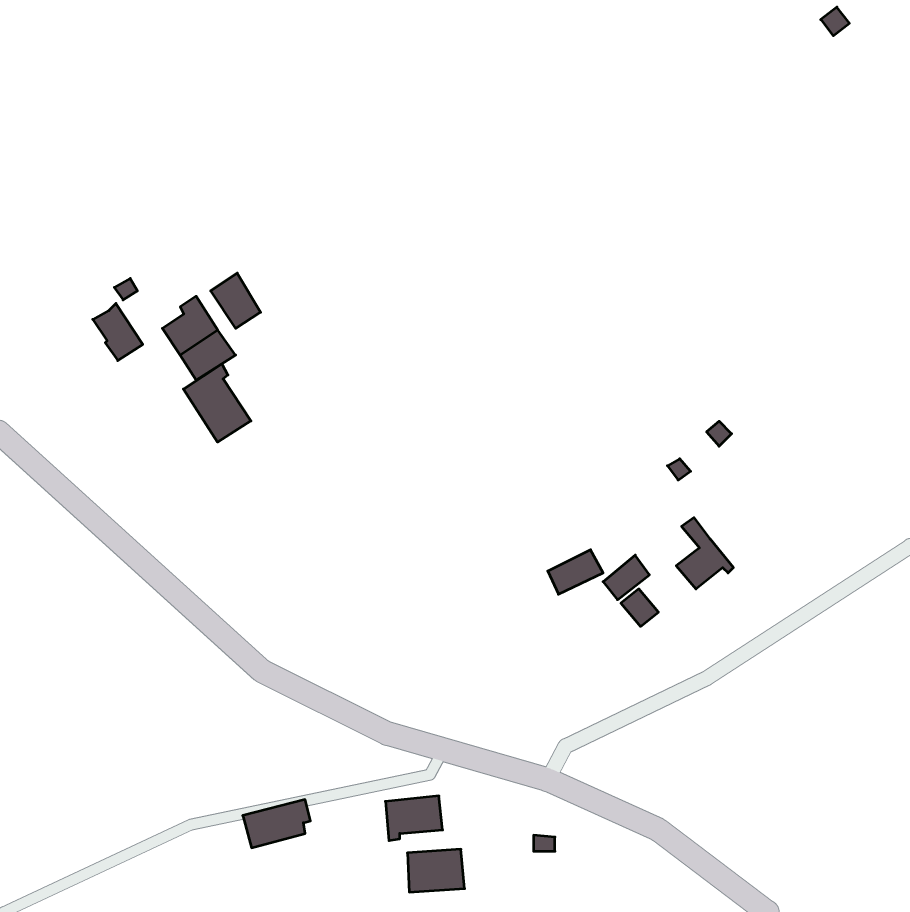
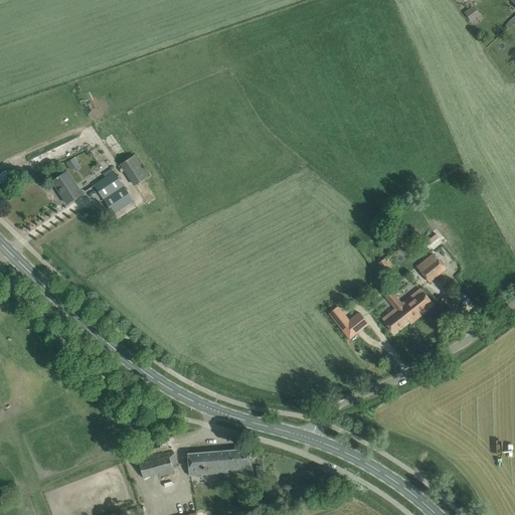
building: [183,364,251,442] -> none
building: none -> [415,252,445,282]
building: none -> [400,289,433,320]
building: [407,849,465,892] -> [187,452,219,476]

